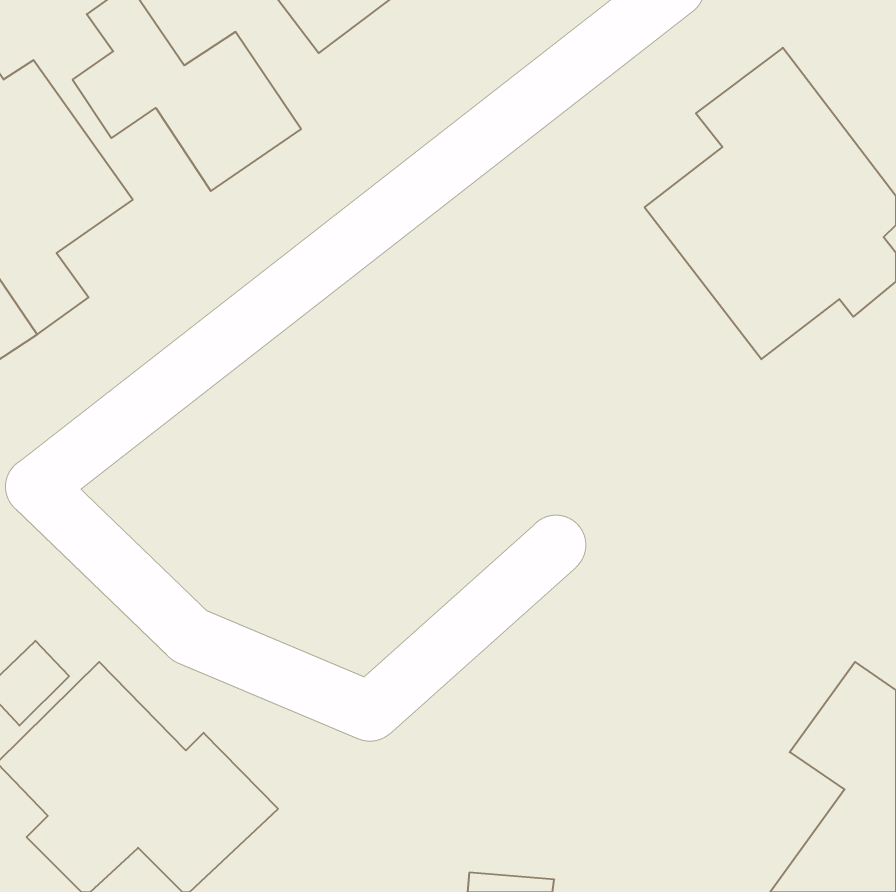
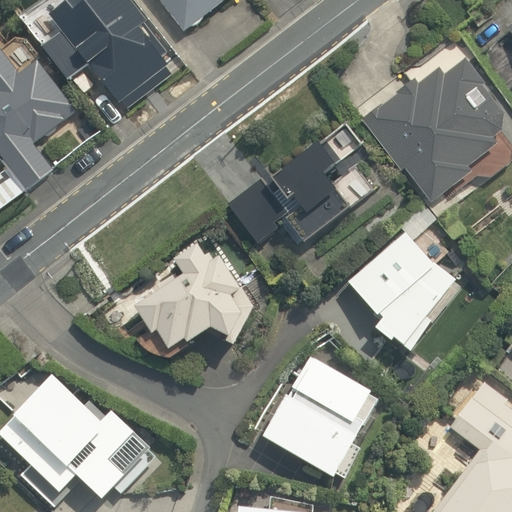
building: none -> [225,139,372,244]
building: none -> [348,201,457,352]
building: none -> [136,235,257,356]
building: none -> [263,358,375,482]

